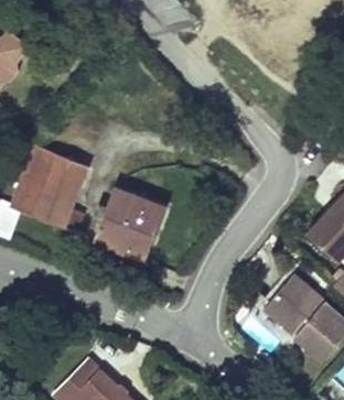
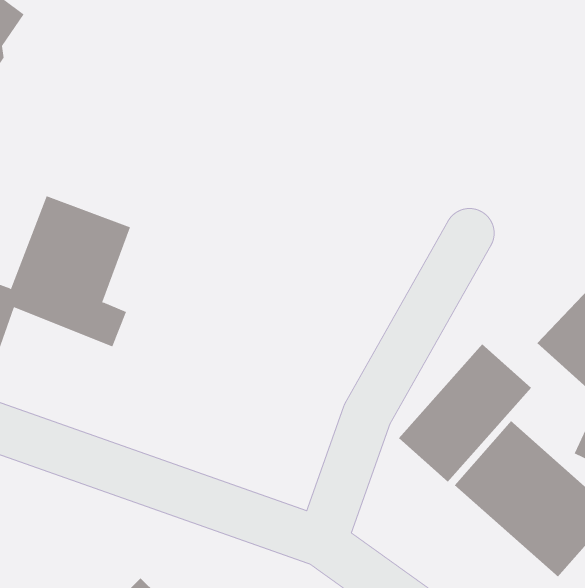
building: [94,191,162,260] -> none
building: none -> [398,343,532,483]

